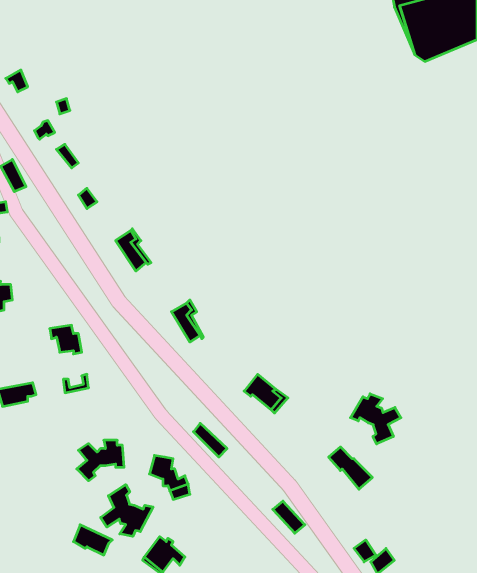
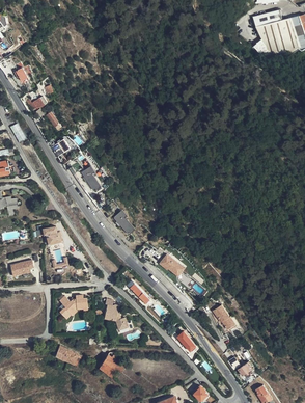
building: [350,394,401,444] -> none
building: [101,485,153,536] -> none

